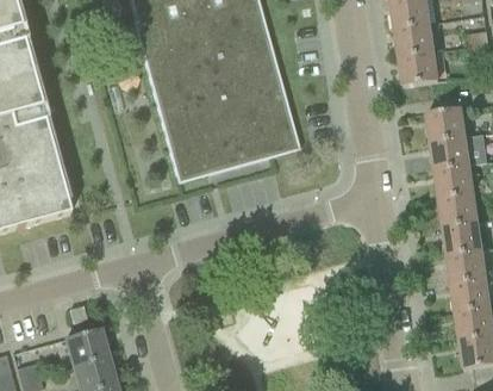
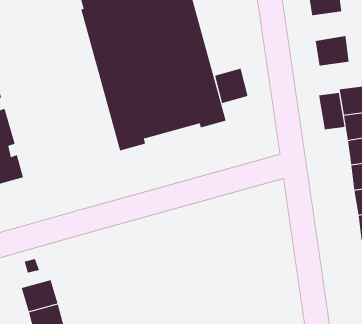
building: [394,23,433,56] -> none
building: none -> [215,68,248,104]
building: none -> [319,92,345,130]

